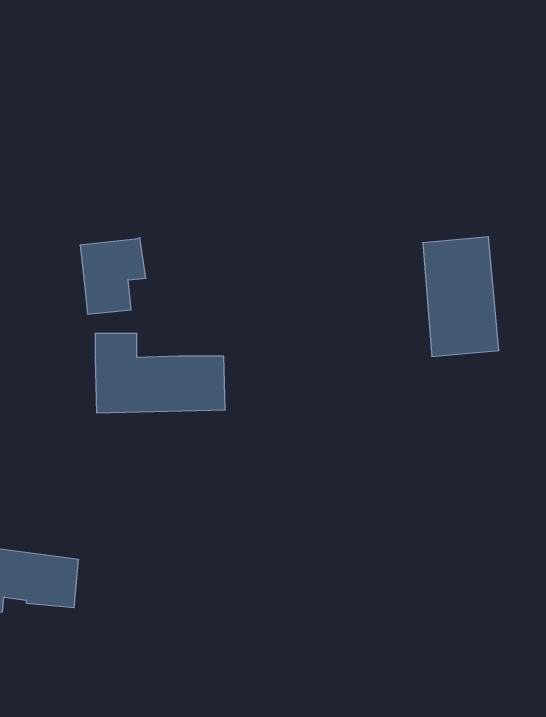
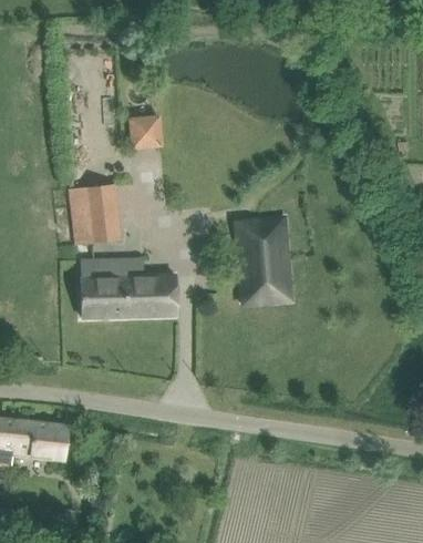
building: none -> [131,116,161,146]
building: [423,237,499,356] -> [236,216,292,305]

